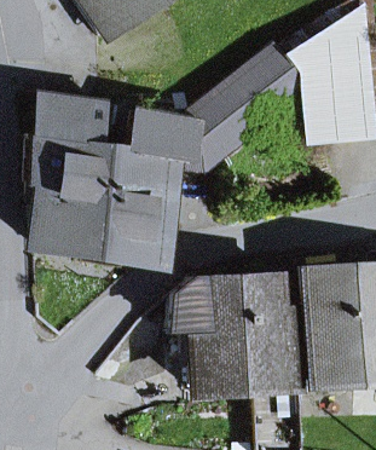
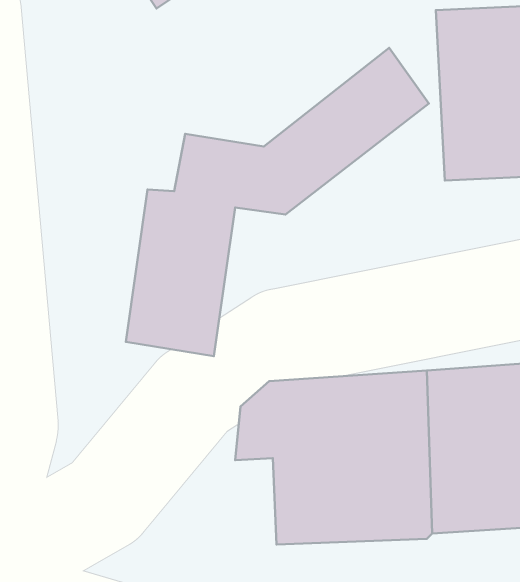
building: [29,99,110,253] -> none

